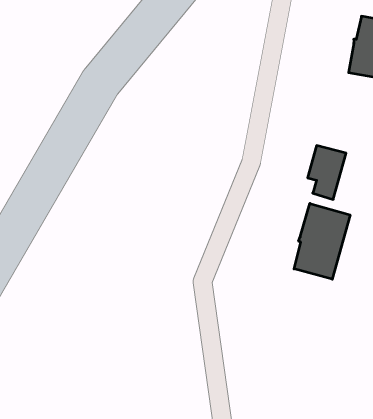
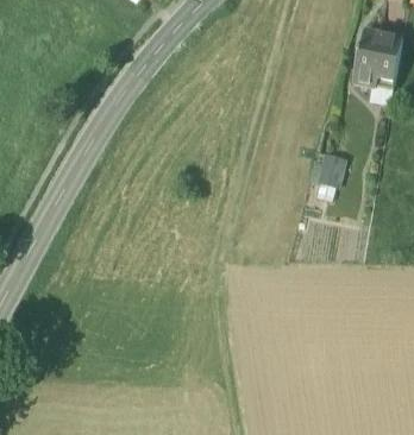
building: [294,203,350,279] -> none

